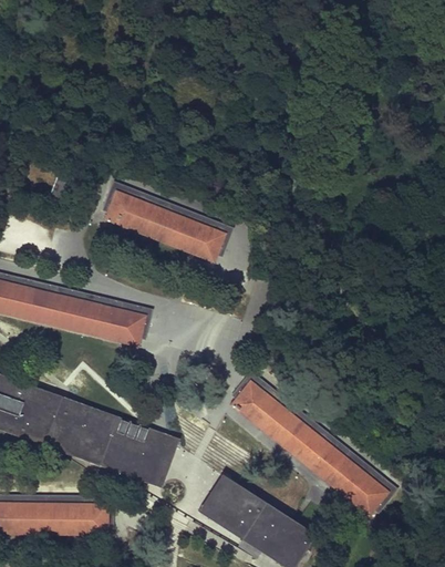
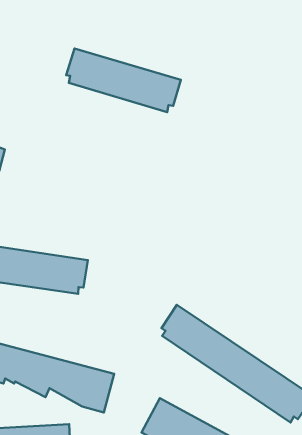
building: [102,181,232,262] -> [66,48,181,112]

